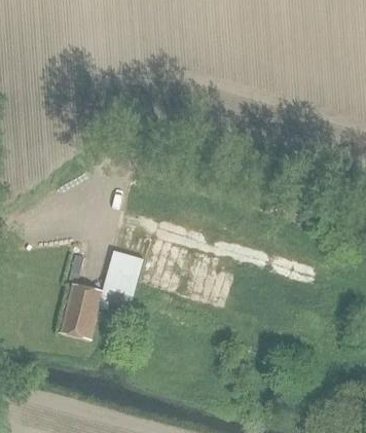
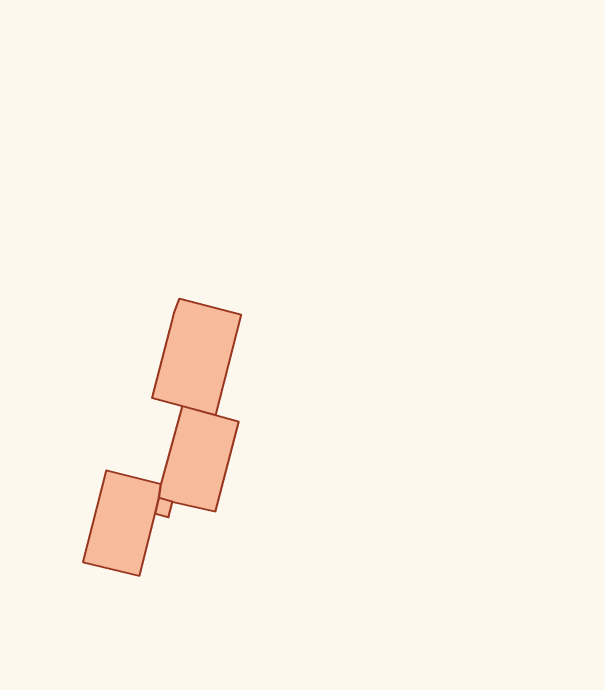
building: none -> [152,299,241,415]

